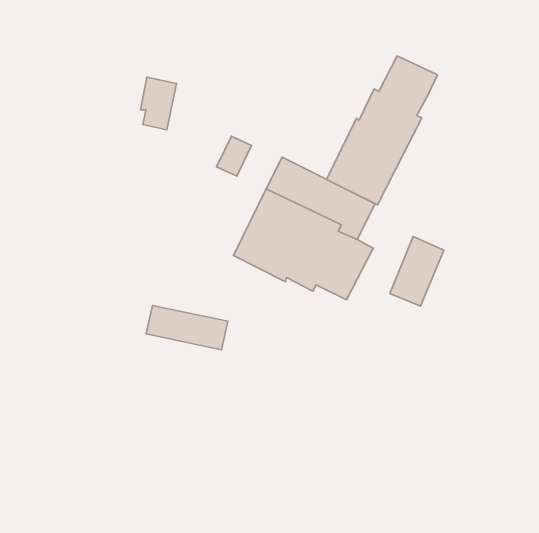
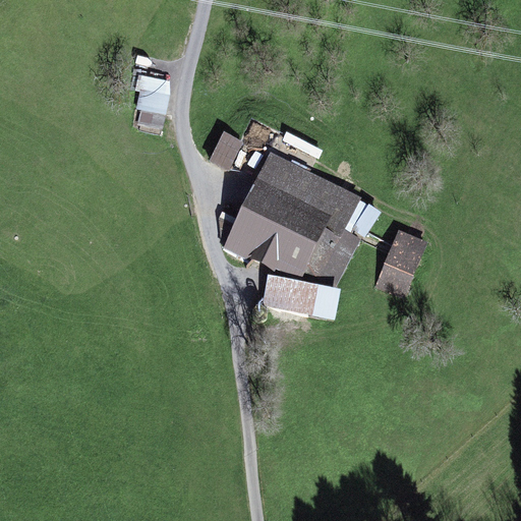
building: [326,56,437,205] -> none
building: [146,305,228,350] -> [262,276,340,319]

